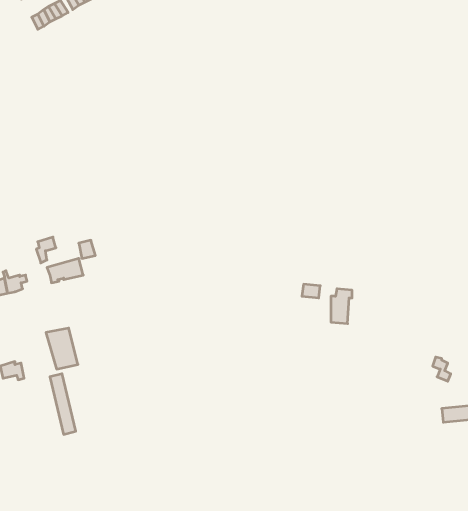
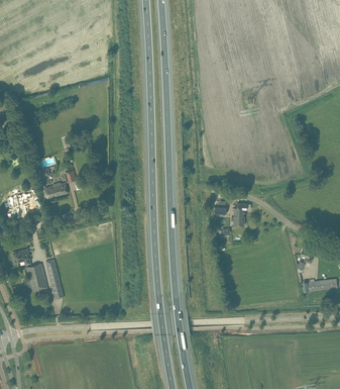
building: [46,328,78,369] -> [26,264,47,291]

